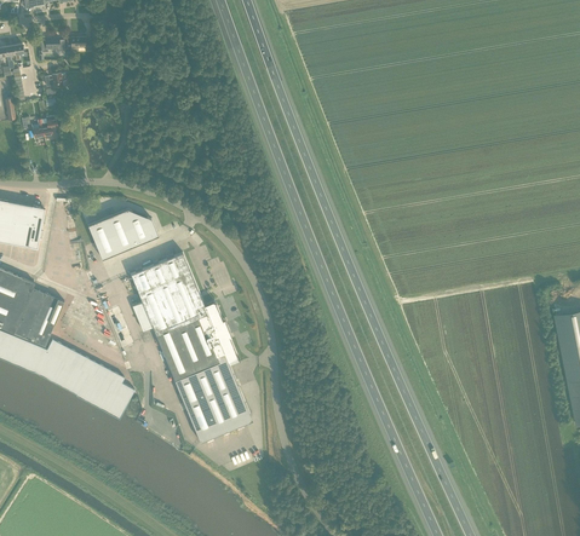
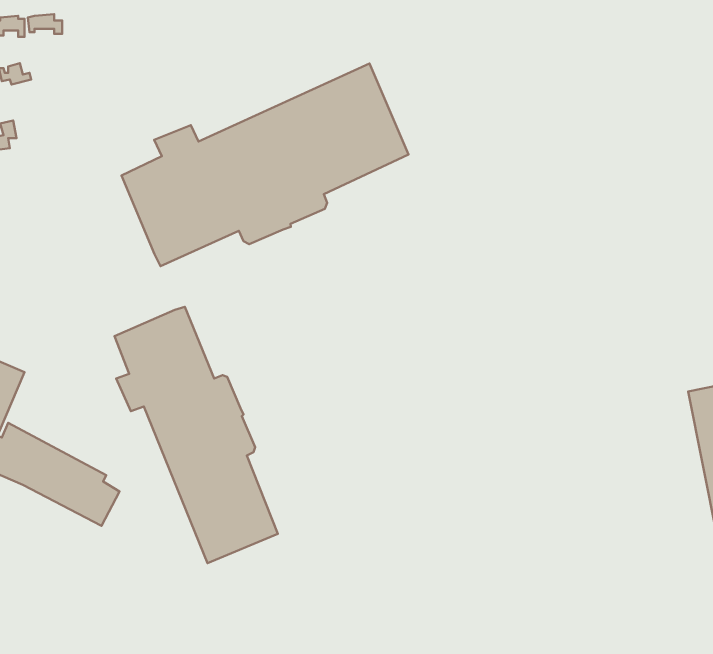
building: none -> [121,64,408,266]
building: [87,209,157,259] -> none

